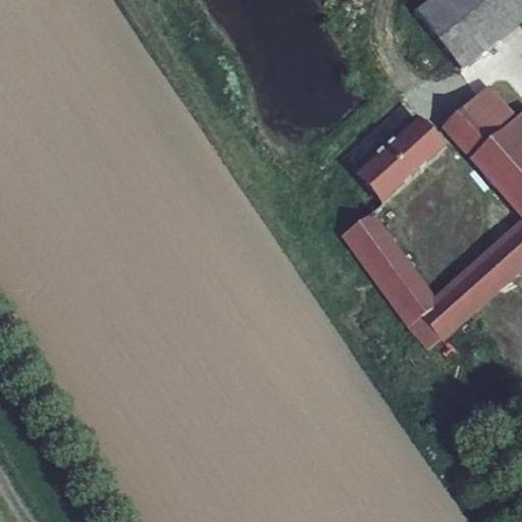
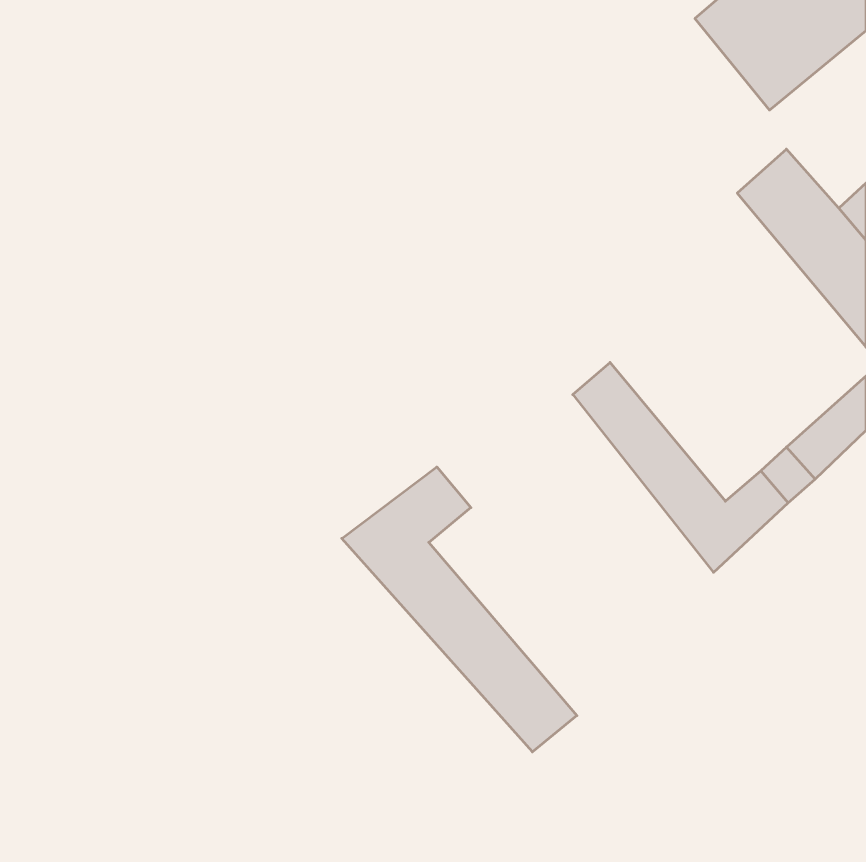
building: [353,116,443,204] -> none
building: none -> [342,467,577,752]

